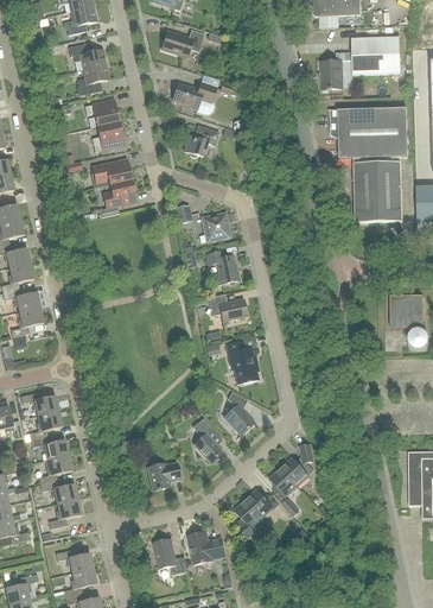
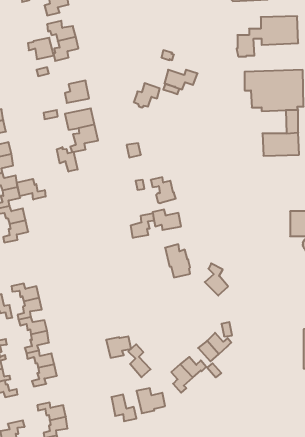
building: [161,28,205,57] -> none
building: [173,82,217,108] -> [164,70,198,89]
building: [85,97,120,126] -> [28,38,54,59]
building: [354,160,387,191] -> none
building: none -> [57,147,78,172]
building: [202,211,230,240] -> none
building: none -> [17,179,46,200]
building: none -> [131,213,154,238]
building: [223,391,254,433] -> [205,263,228,296]
building: [192,417,222,461] -> [128,344,151,377]

